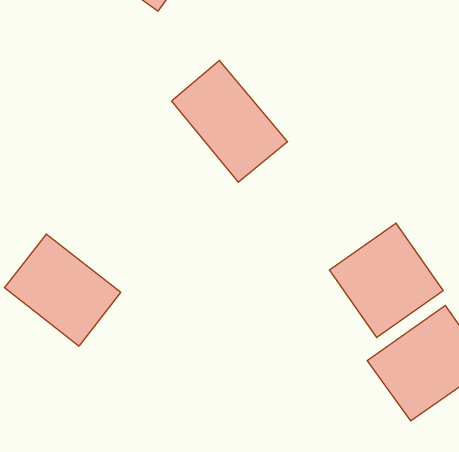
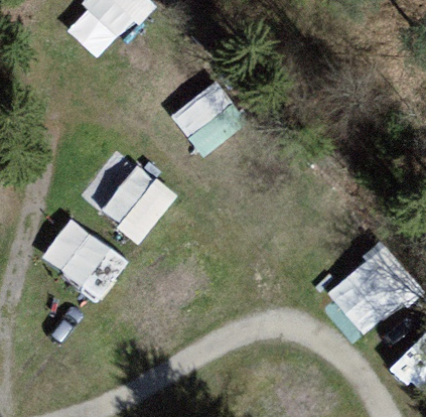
building: none -> [101,168,181,248]
building: [329,223,443,338] -> none

